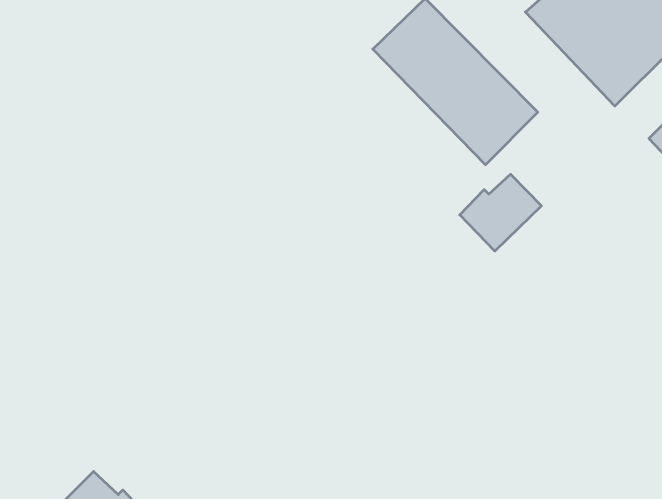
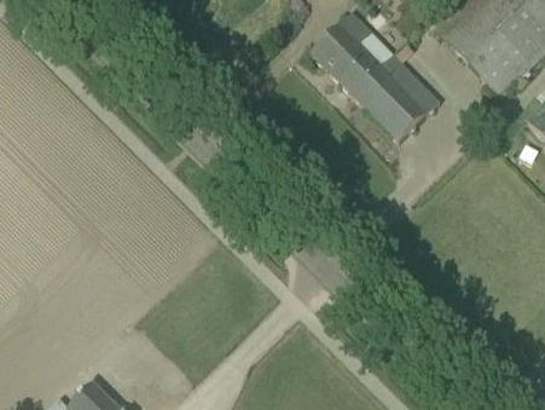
building: [460,174,541,251] -> none

